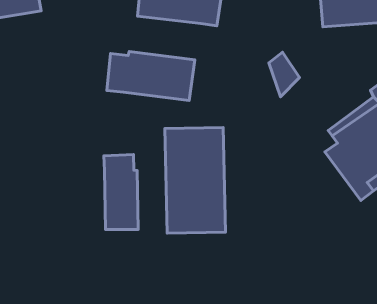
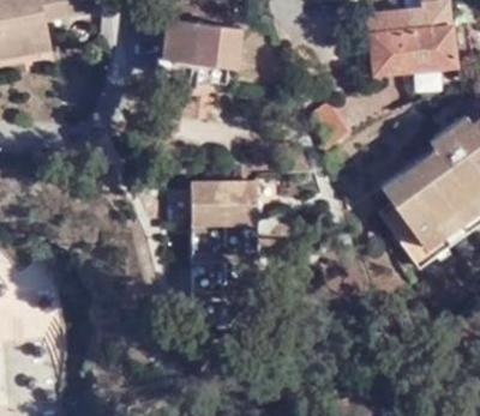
building: [107,52,195,100] -> none
building: [104,154,138,230] -> none

